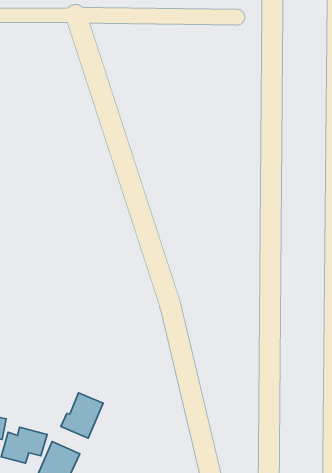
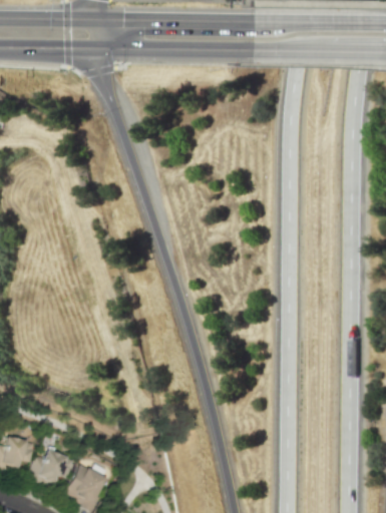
building: [61,393,103,438] -> none

